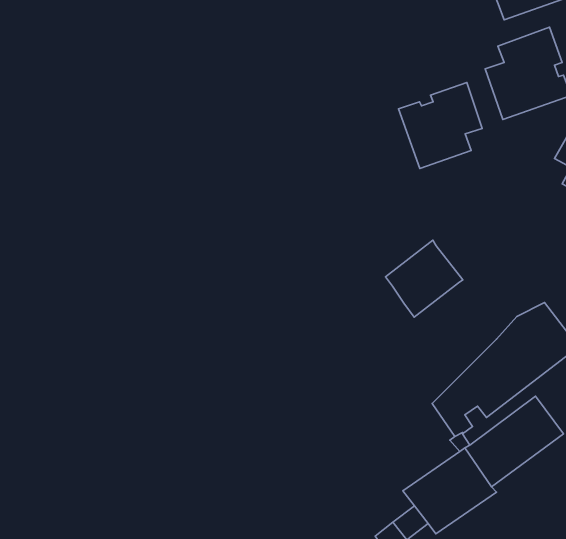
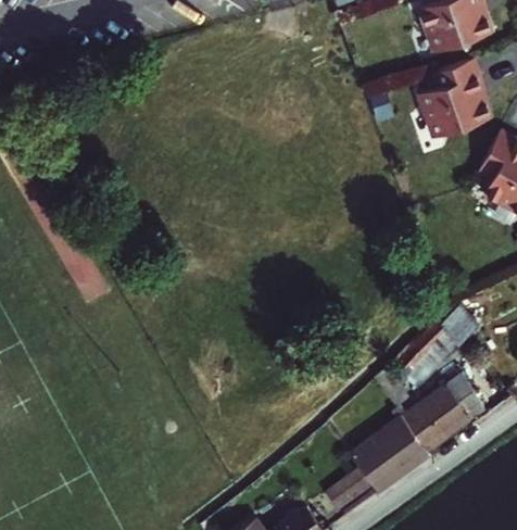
building: [399,83,482,169] -> none
building: [386,240,463,317] -> none

